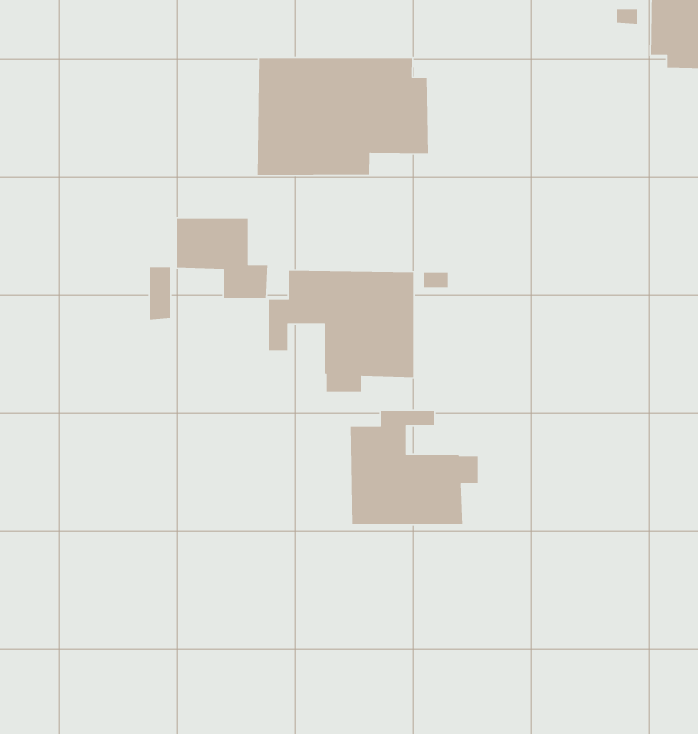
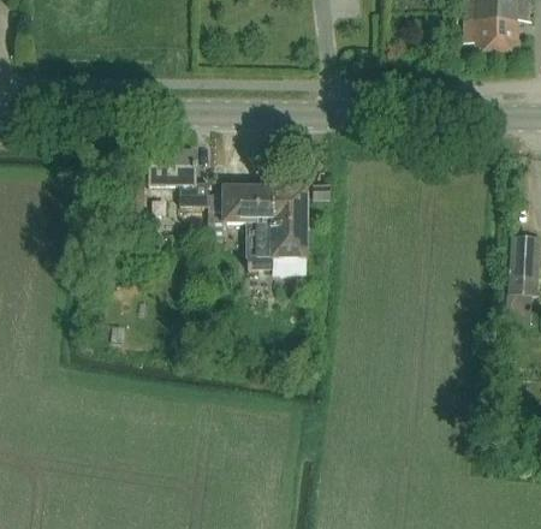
building: [257,58,429,176] -> none
building: [350,410,478,525] -> none

